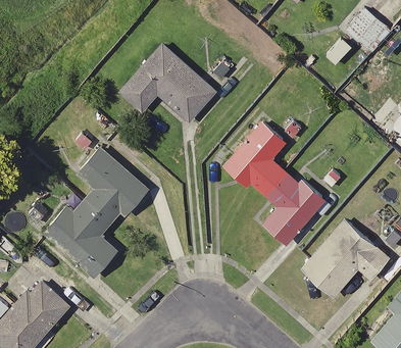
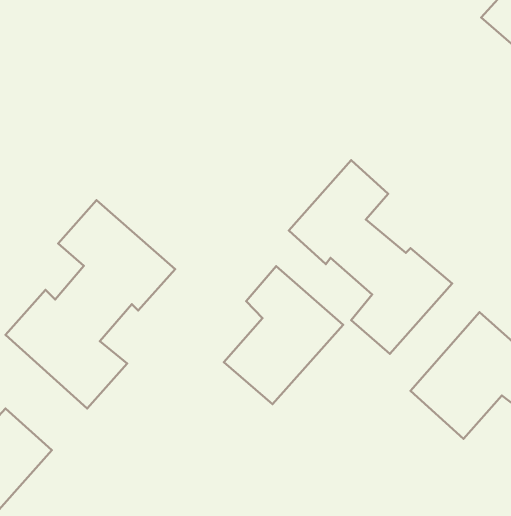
building: [118,42,218,123] -> none
building: none -> [224,266,343,404]

